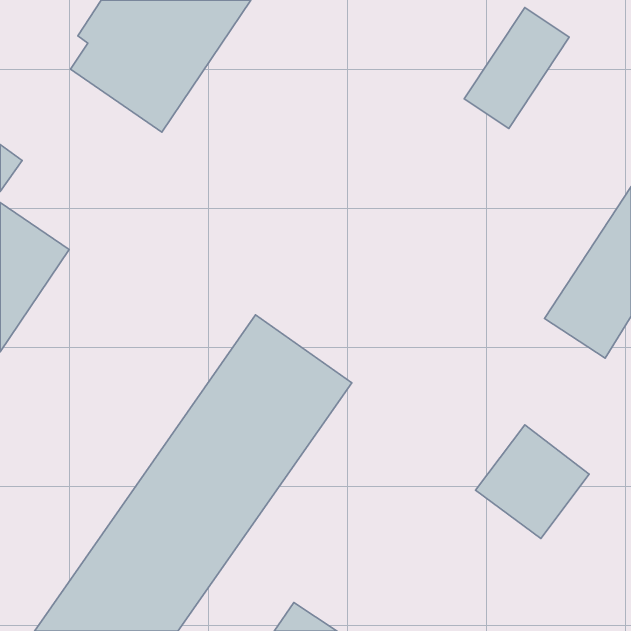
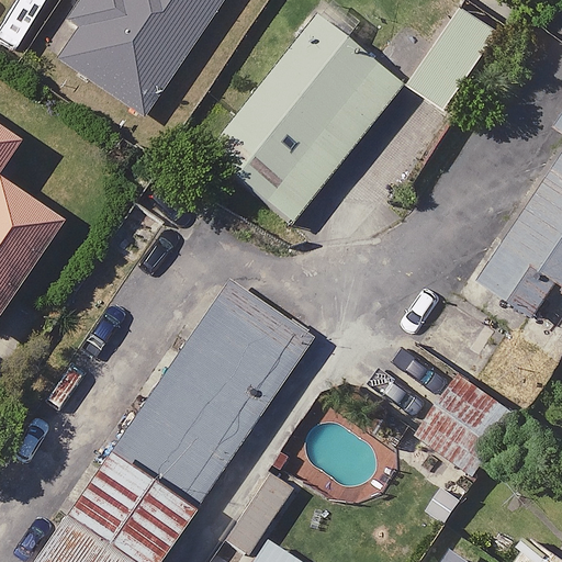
building: none -> [207,15,402,221]

